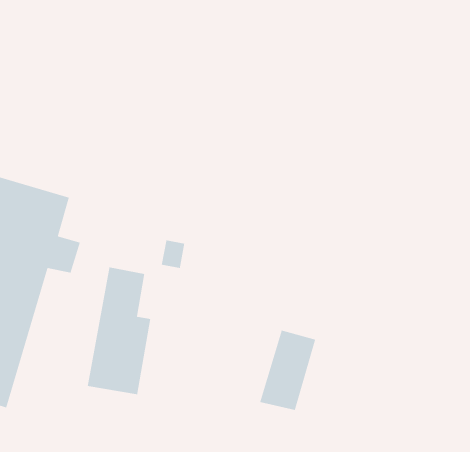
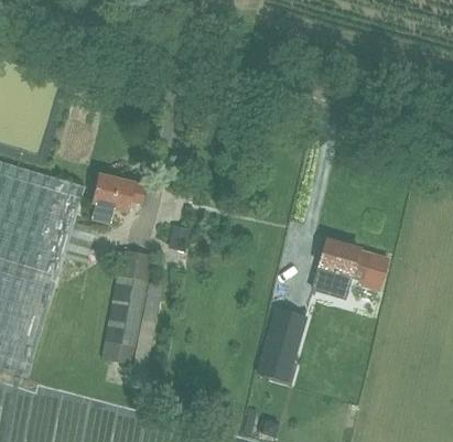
building: none -> [89,174,142,222]
building: none -> [315,238,386,291]

